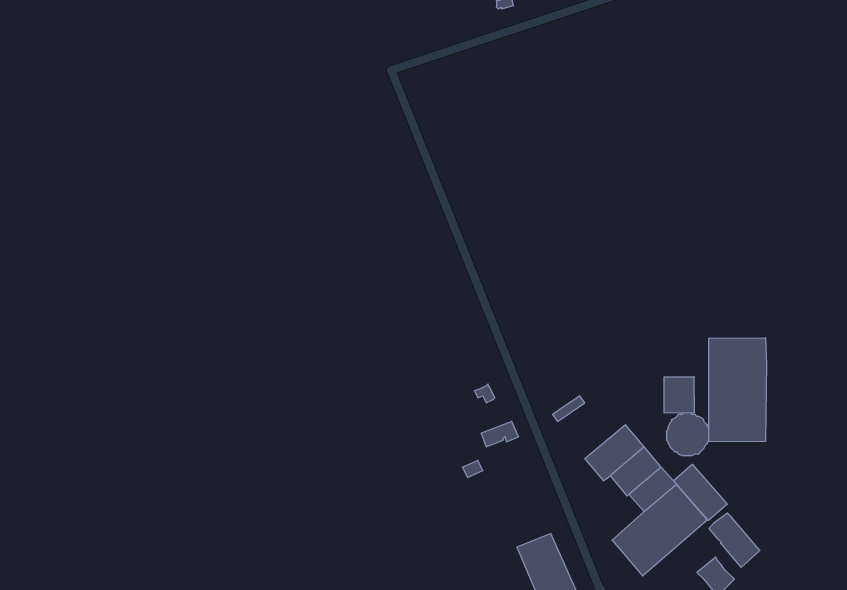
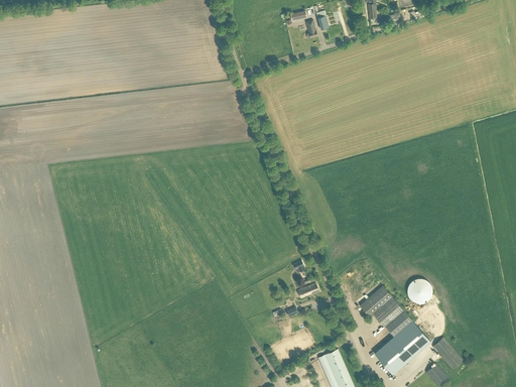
building: [709,338,767,442] -> none
building: [664,377,694,413] -> none
building: [673,464,727,520] -> none

